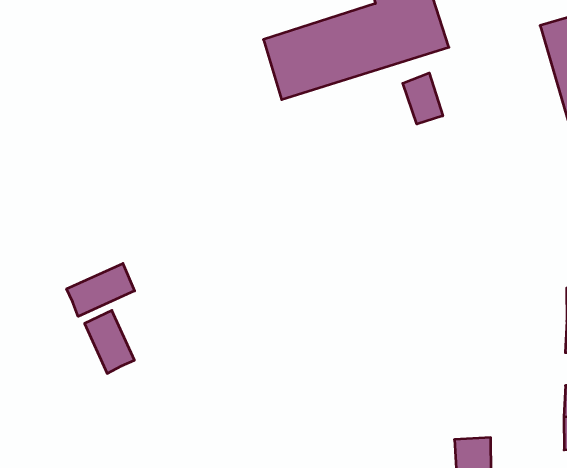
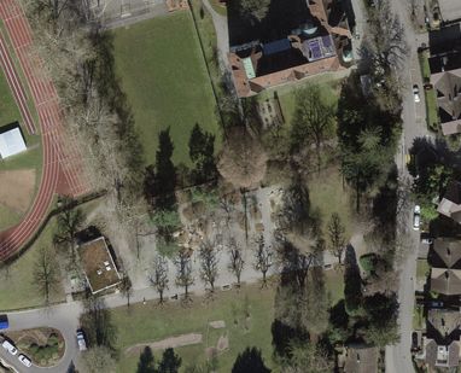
building: [403,73,443,124] -> none
building: [67,263,135,316] -> none

